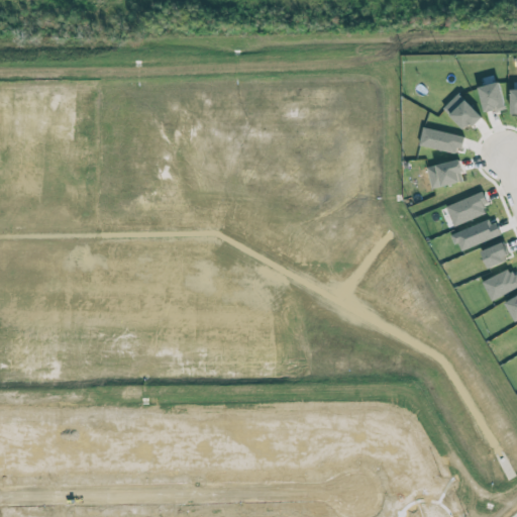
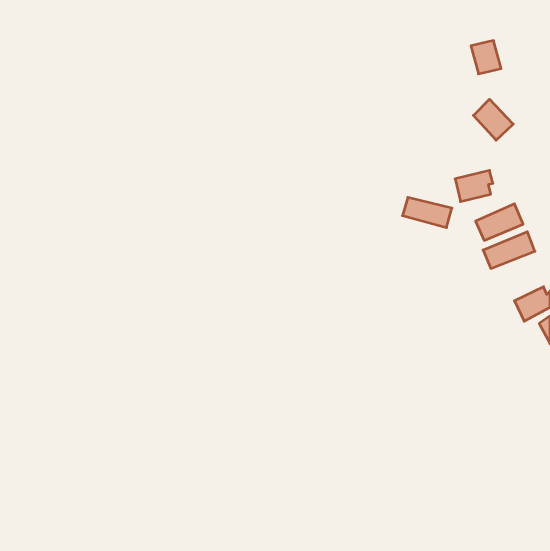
building: [478,82,506,113] -> [471,41,501,74]
building: [418,127,464,156] -> [402,197,452,228]
building: [481,242,509,267] -> none

